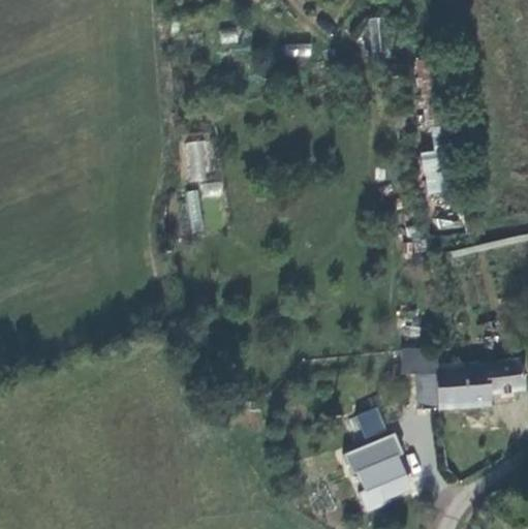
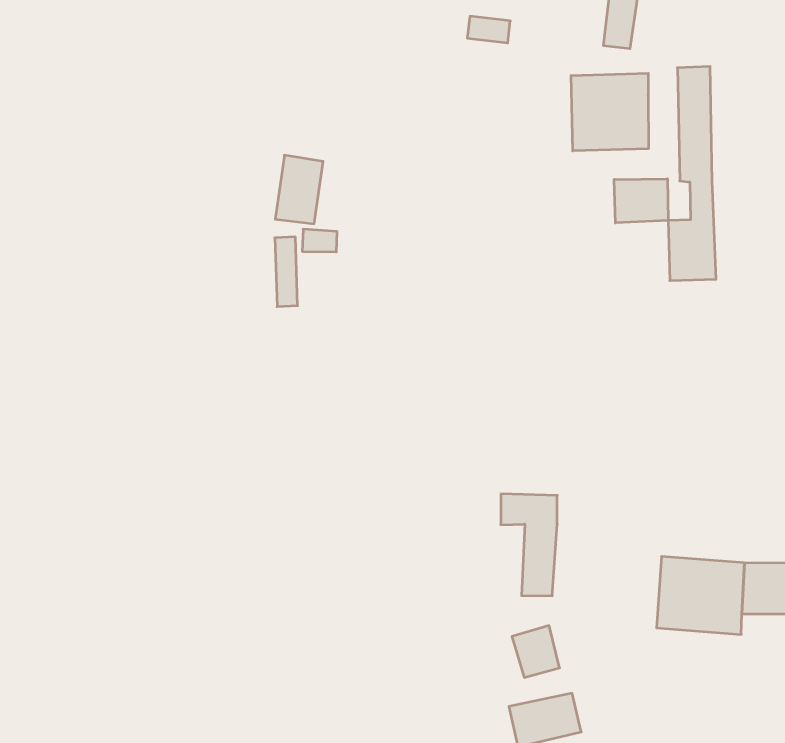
building: none -> [571,73,648,151]
building: none -> [614,179,668,223]
building: [403,345,441,408] -> [501,494,557,596]

